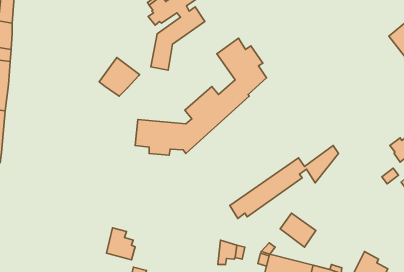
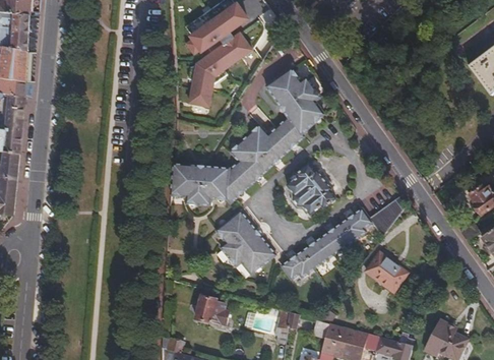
building: [99,58,140,96] -> none
building: none -> [289,166,333,212]
building: none -> [215,211,275,274]
building: [280,213,316,247] -> [365,251,407,291]
building: [106,228,135,260] -> [195,288,229,325]

